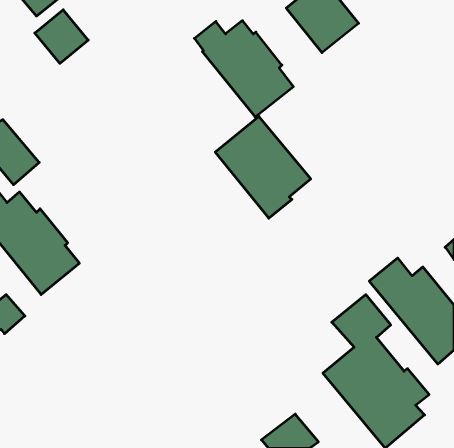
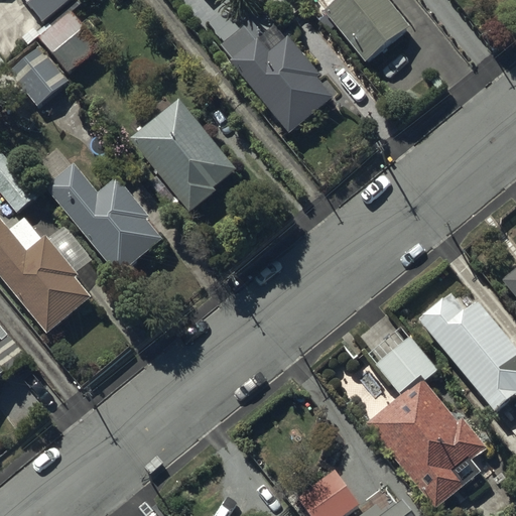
building: none -> [7,43,68,104]
building: [215,116,311,218] -> [128,97,236,212]
building: none -> [43,163,162,275]

